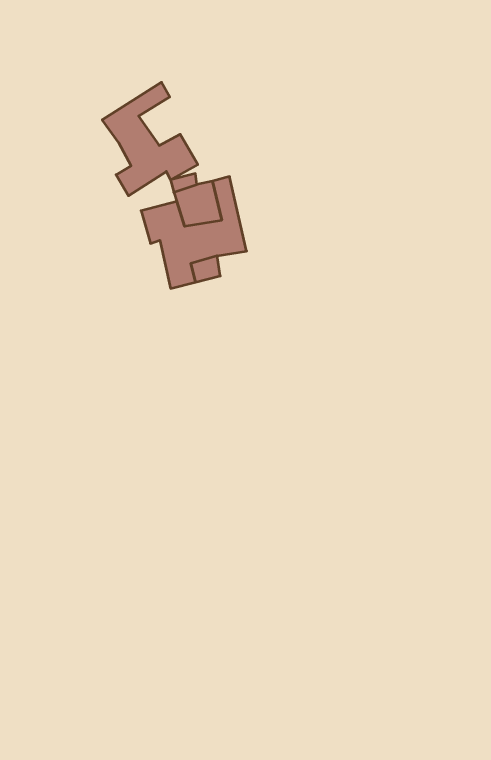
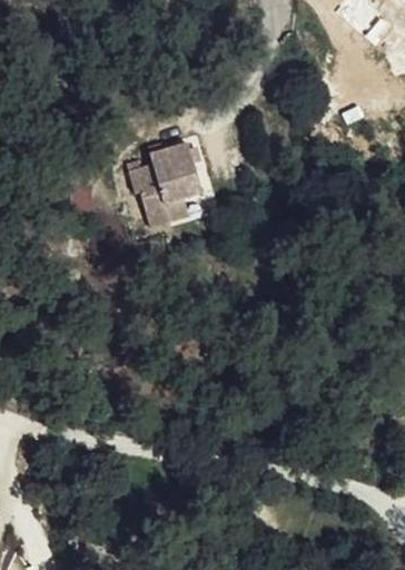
building: [102,82,198,196] -> none

